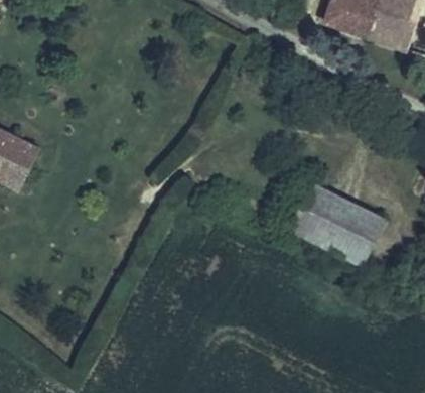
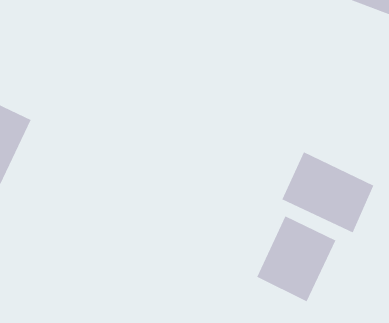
building: none -> [257,216,336,302]

